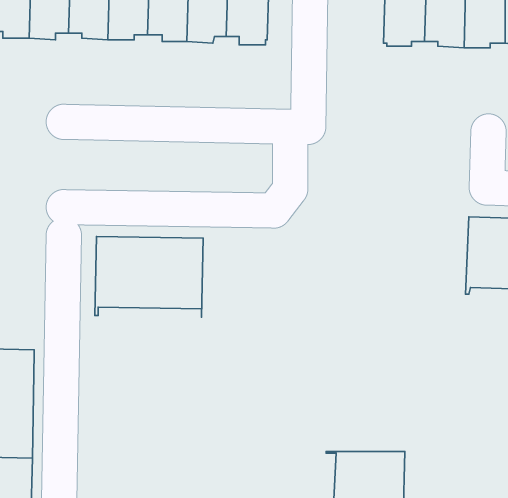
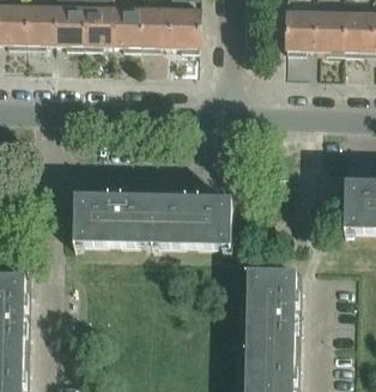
building: none -> [151,193,231,251]
building: none -> [242,269,302,349]

